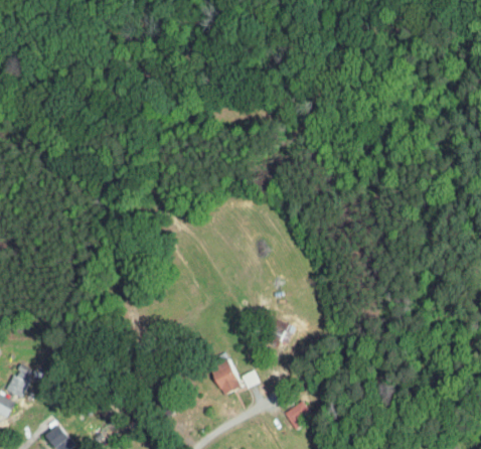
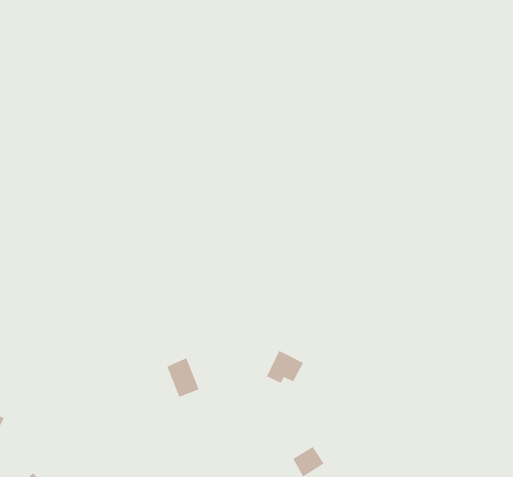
building: [210,359,239,395] -> [166,357,200,397]

